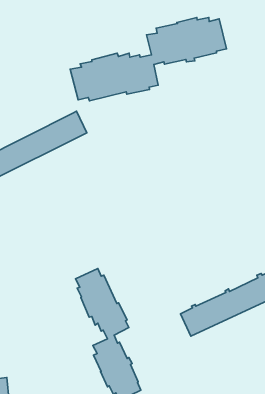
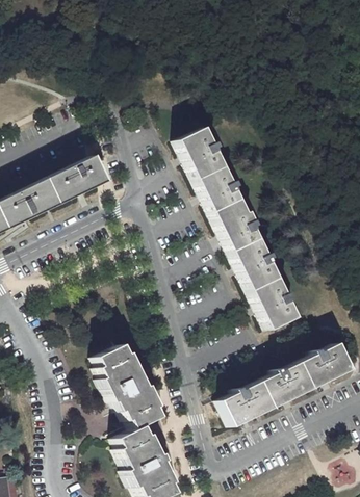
building: [70,17,227,101] -> none
building: none -> [180,125,297,328]

